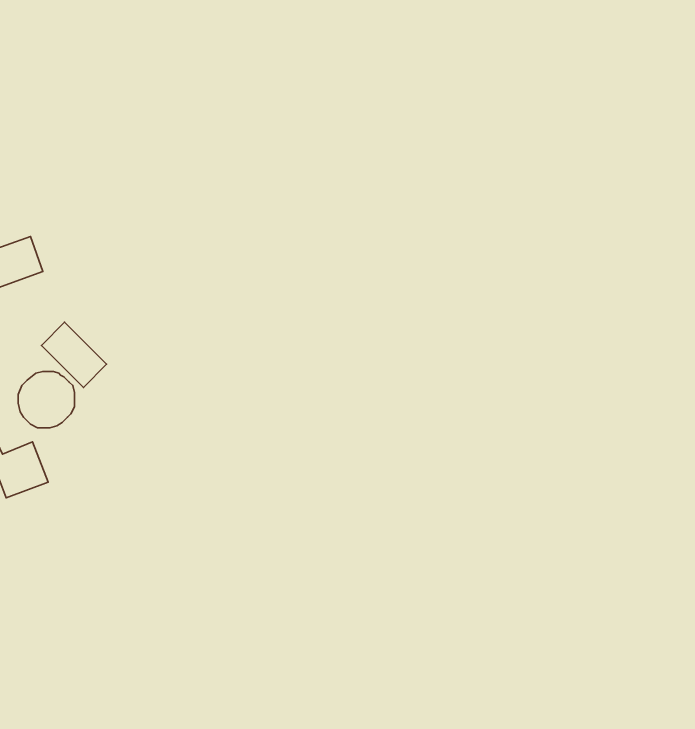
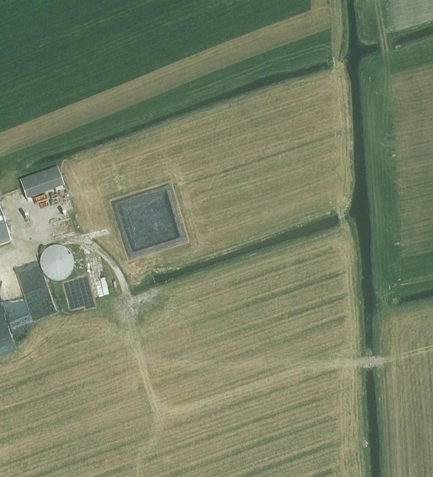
building: [41,322,107,388] -> none

